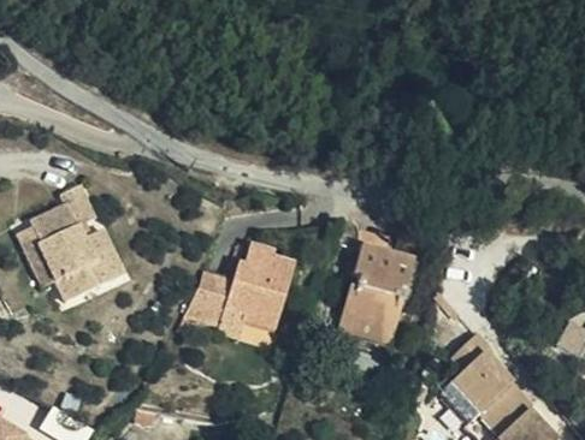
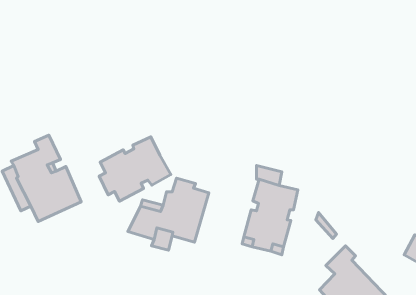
building: none -> [99,137,171,201]

